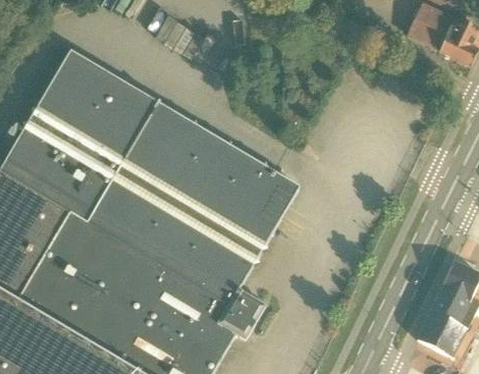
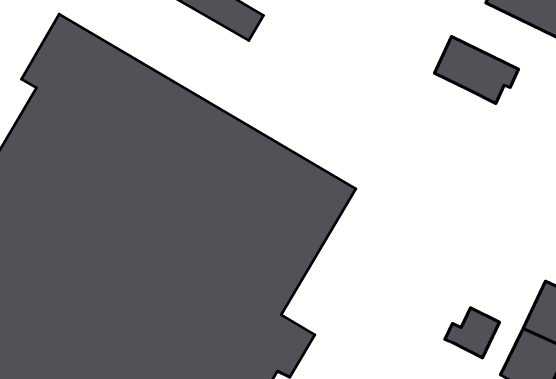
building: none -> [434,37,519,104]
building: none -> [445,308,500,358]

